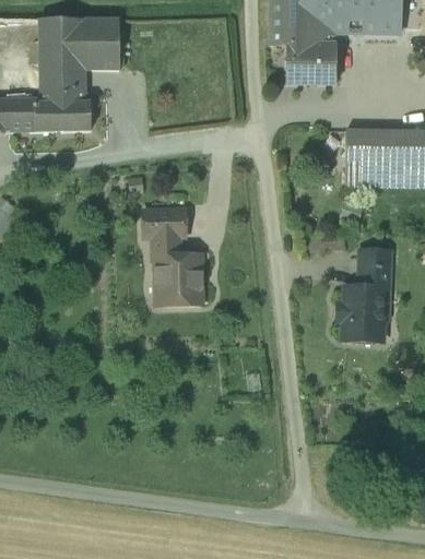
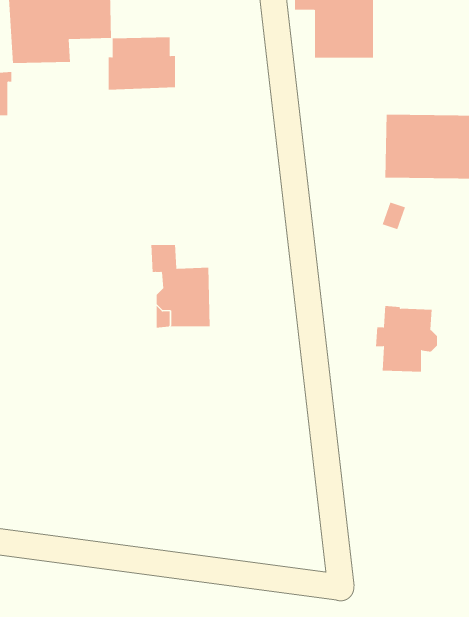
building: [36,87,92,131] -> [108,37,176,90]
building: [144,211,186,238] -> none
building: [358,251,391,290] -> none

